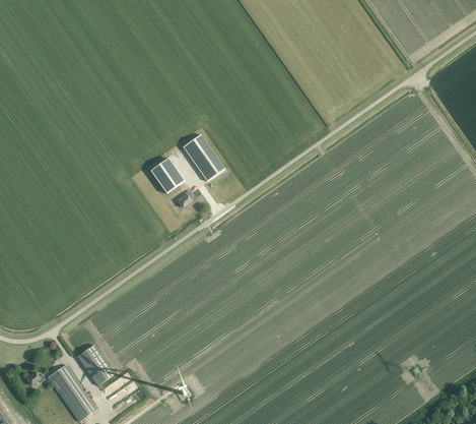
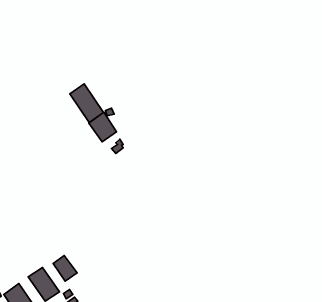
building: [183,134,223,181] -> [70,84,103,123]
building: none -> [53,256,77,281]

